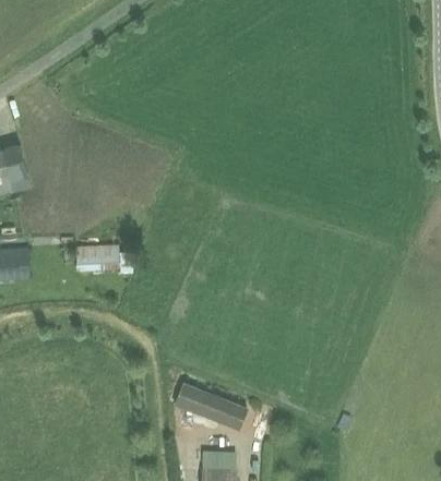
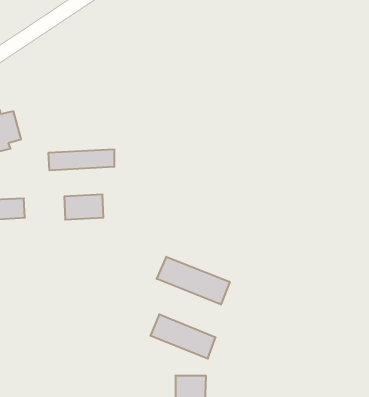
building: none -> [49,149,114,170]
building: none -> [157,257,230,305]

